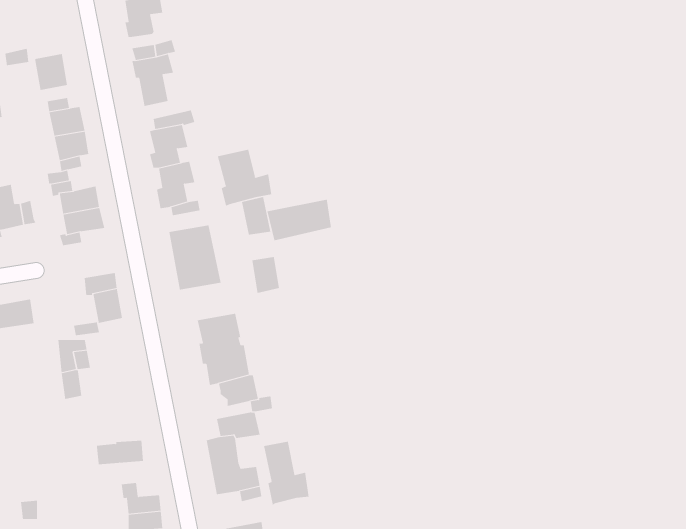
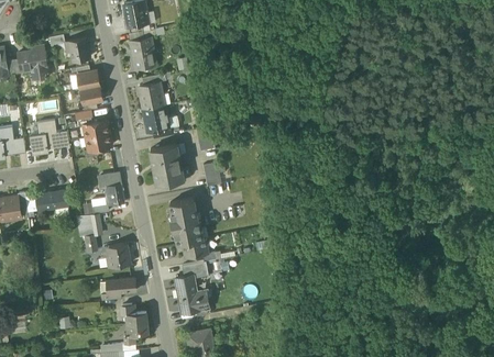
building: [217,149,272,207] -> none
building: [267,199,331,241] -> none
building: none -> [106,243,129,267]
building: [263,441,309,505] -> none

